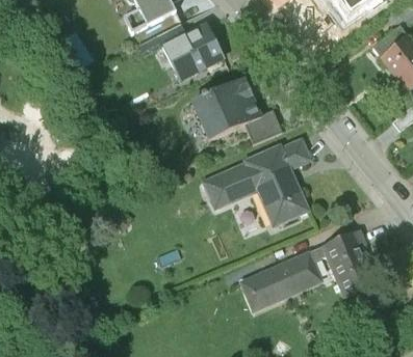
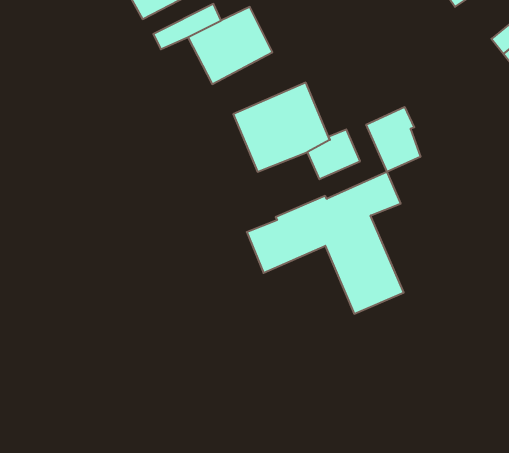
building: none -> [366,107,420,172]
building: [248,227,377,305] -> none

